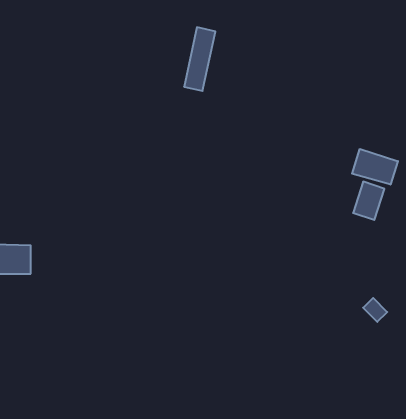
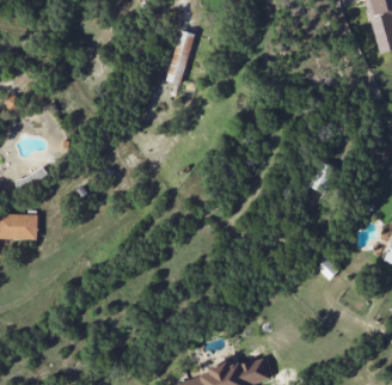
building: [352,149,398,185] -> none

